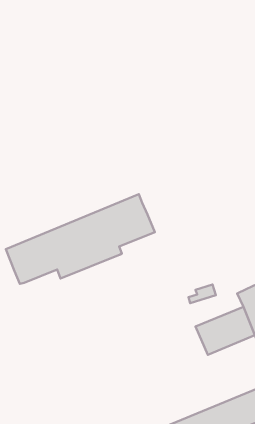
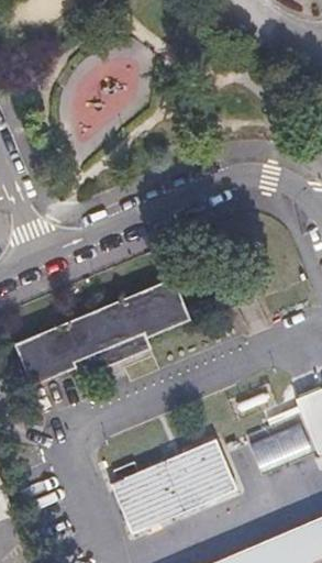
building: none -> [114,440,238,533]

